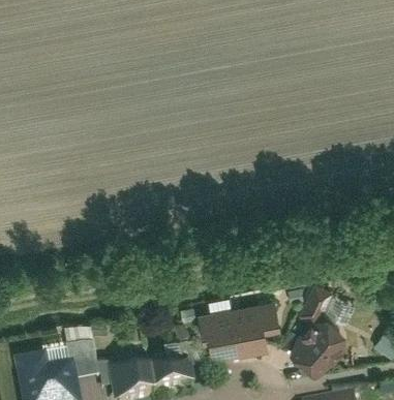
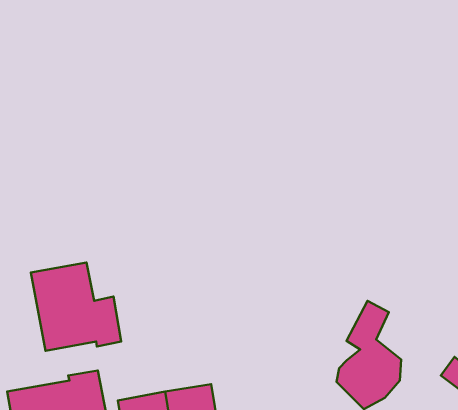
building: none -> [31,262,121,351]
building: [199,295,279,355] -> none

